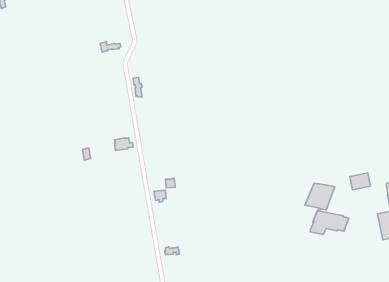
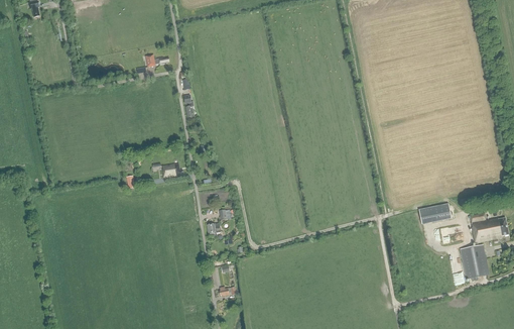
building: [305,183,349,234] -> none

